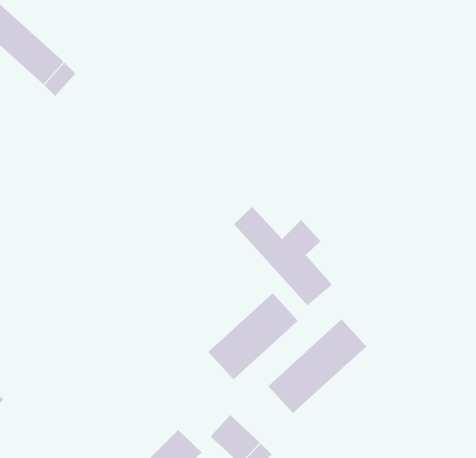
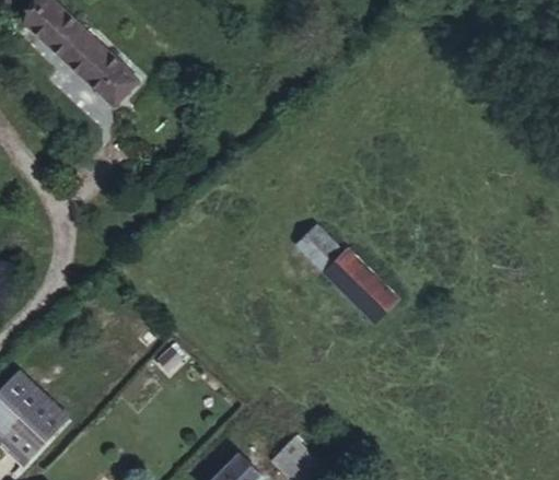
building: [207,292,299,380] -> none
building: [267,319,367,414] -> none

